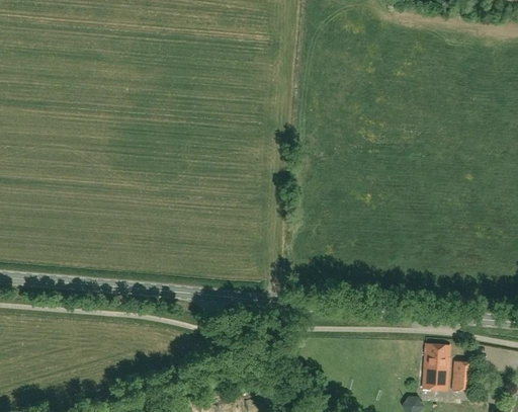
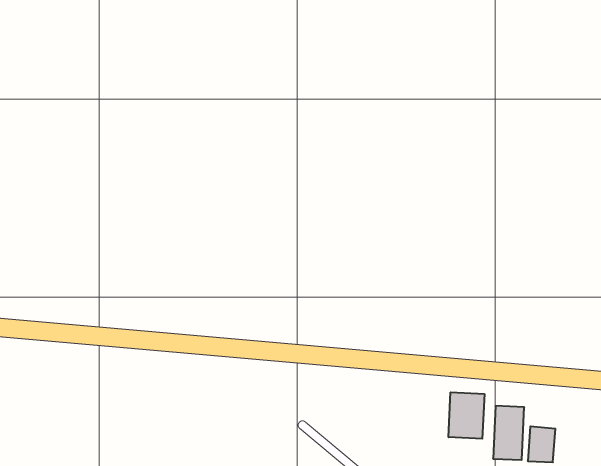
building: none -> [449,392,484,439]

